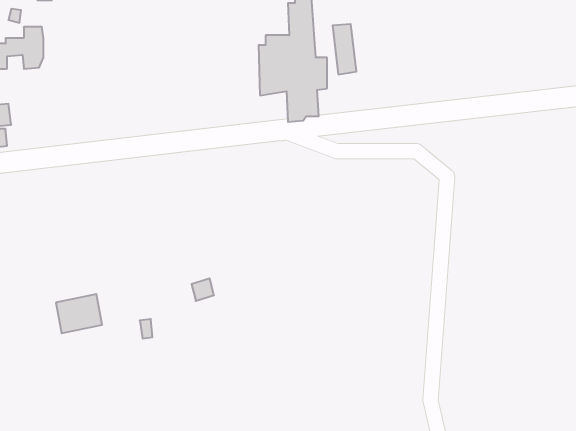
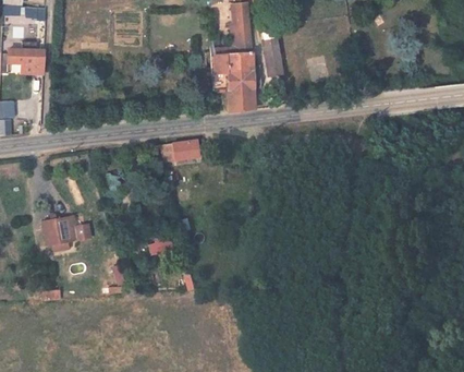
building: none -> [157,140,198,161]
building: [56,294,102,333] -> [41,215,77,245]

